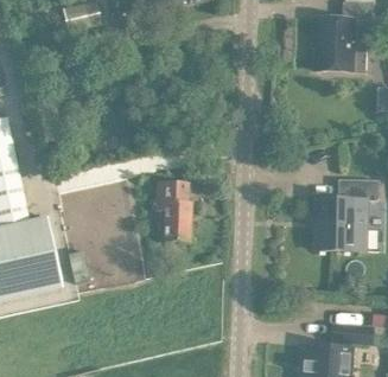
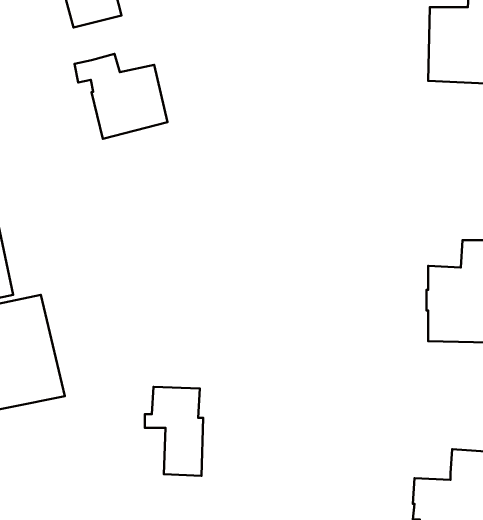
building: none -> [74,54,167,139]
building: [151,180,191,242] -> [145,387,203,476]

